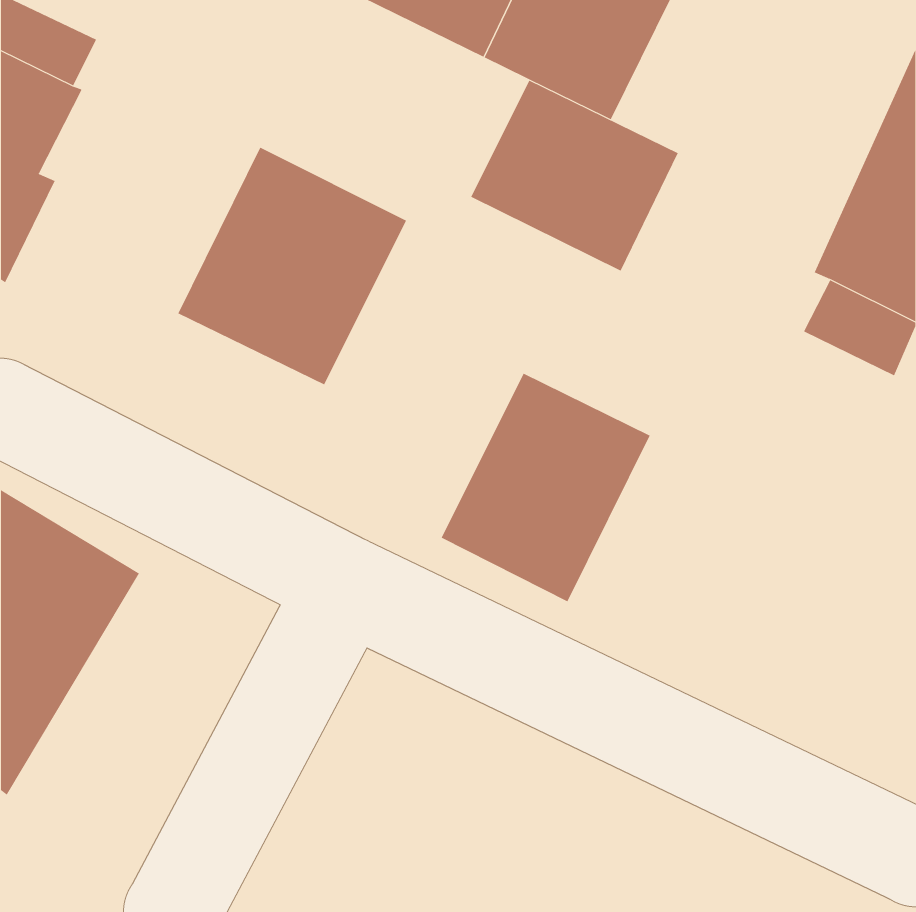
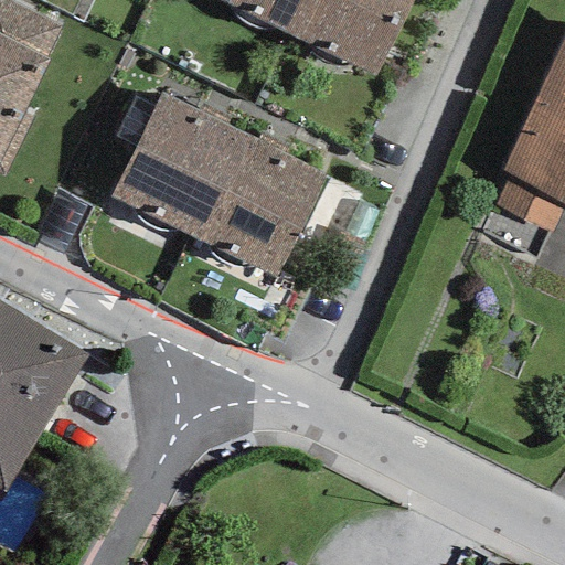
building: [470,80,679,271] -> none
building: [441,373,650,602] -> [200,136,329,277]

